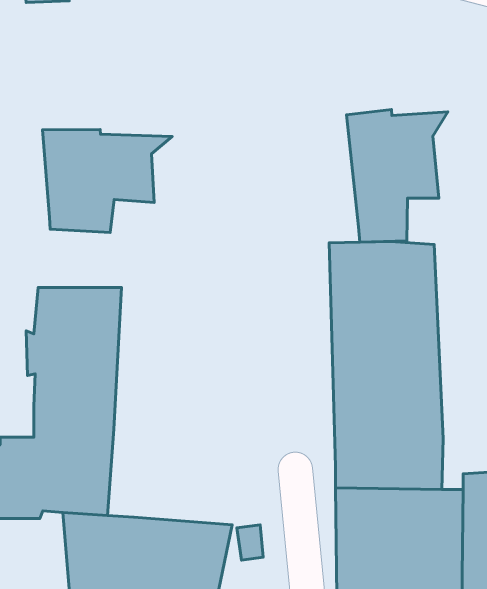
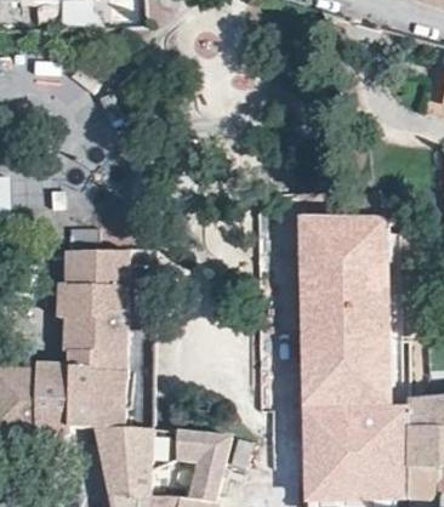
building: [346,109,448,242] -> none
building: [42,129,172,233] -> none

